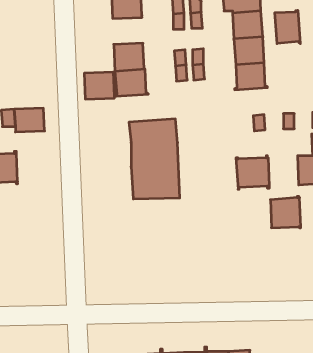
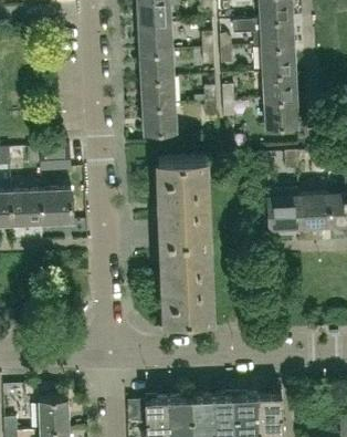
building: [275,10,300,44] -> none
building: [84,72,114,99] -> [140,52,171,80]
building: none -> [42,188,73,221]
building: [270,196,301,228] -> [299,193,330,225]
building: none -> [161,237,212,316]

